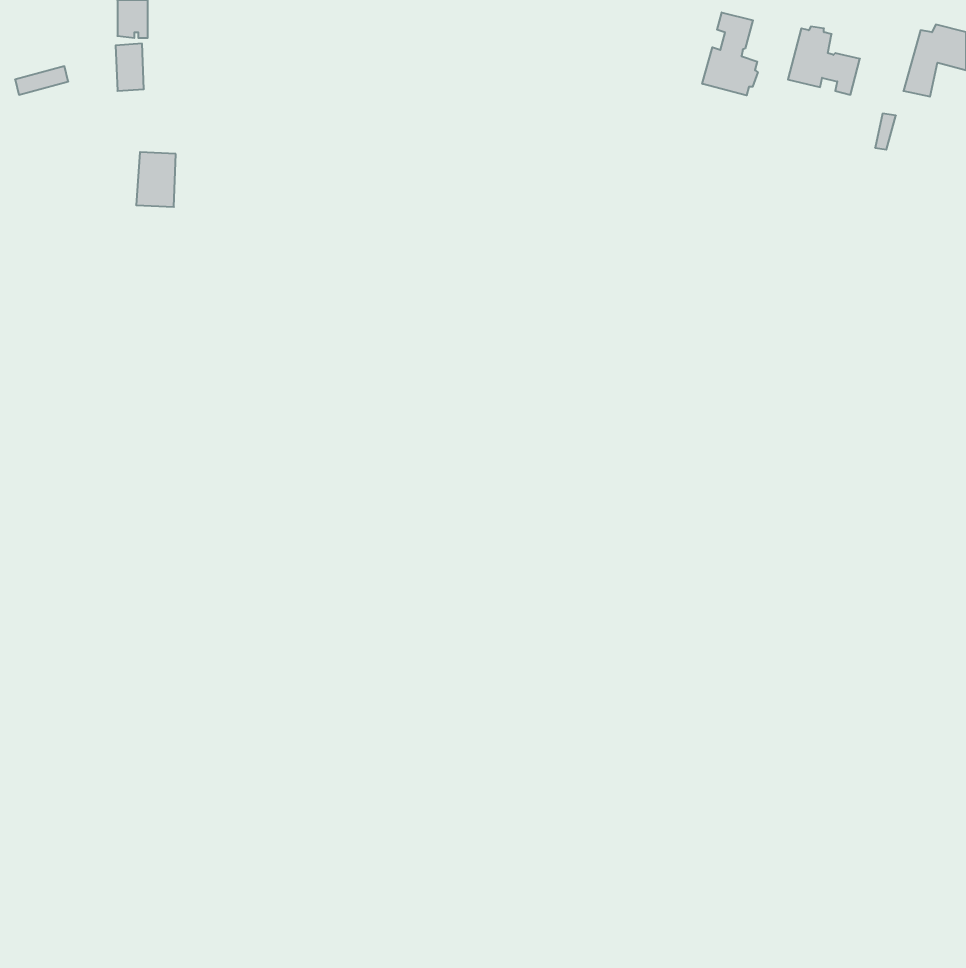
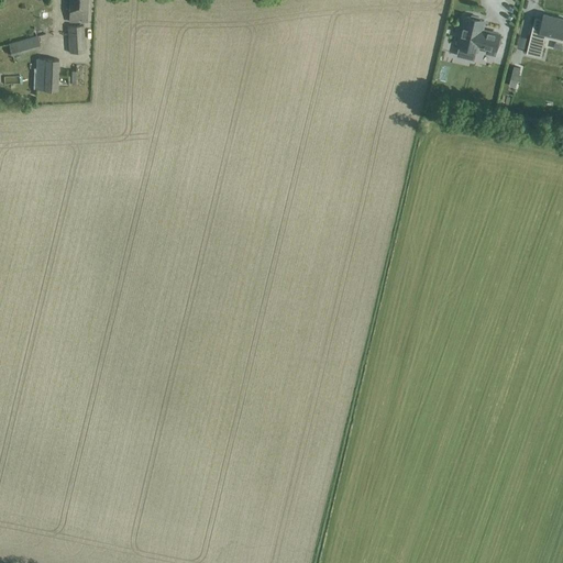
building: [702,12,758,95] -> none
building: [136,152,176,207] -> [34,58,57,90]

